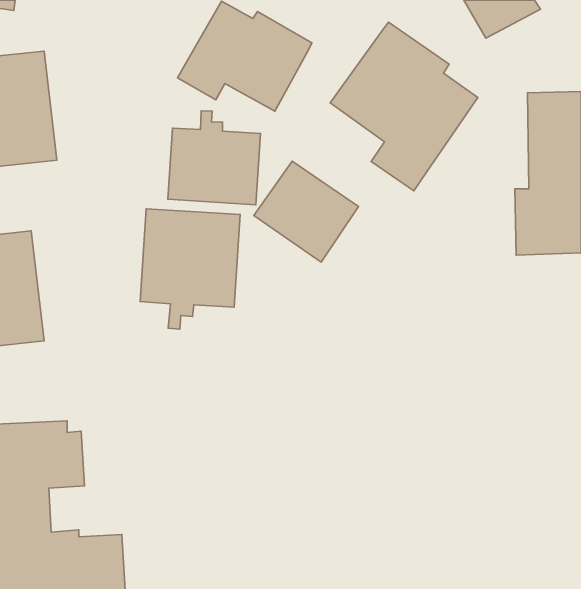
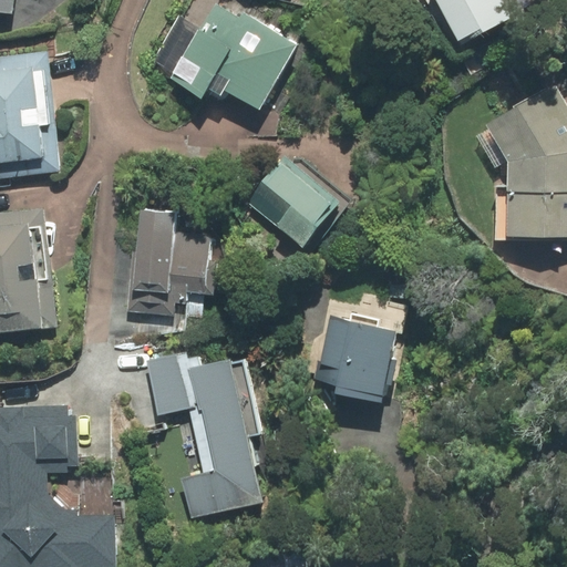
building: [330,22,478,191] -> none
building: [168,111,260,205] -> none
building: none -> [316,315,400,400]
building: none -> [143,350,269,518]

